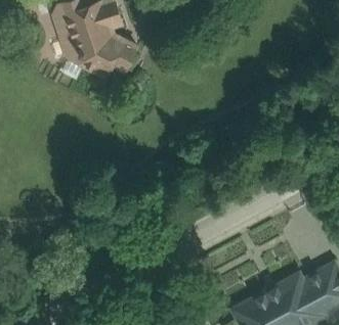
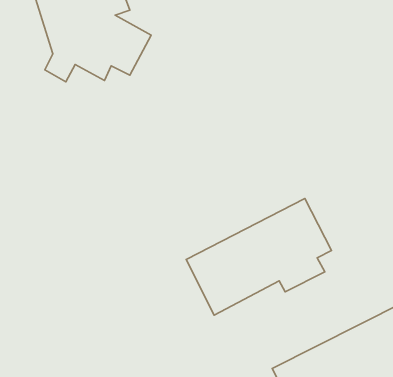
building: none -> [186,198,331,315]

